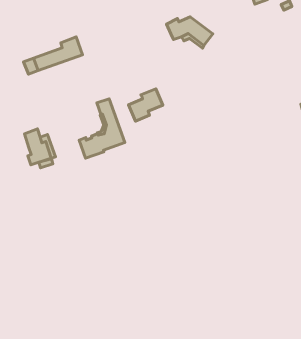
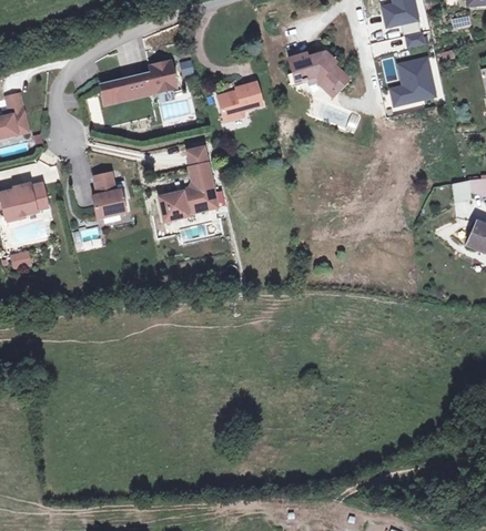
building: none -> [388,54,437,105]
building: [128,89,163,121] -> [219,81,263,120]

